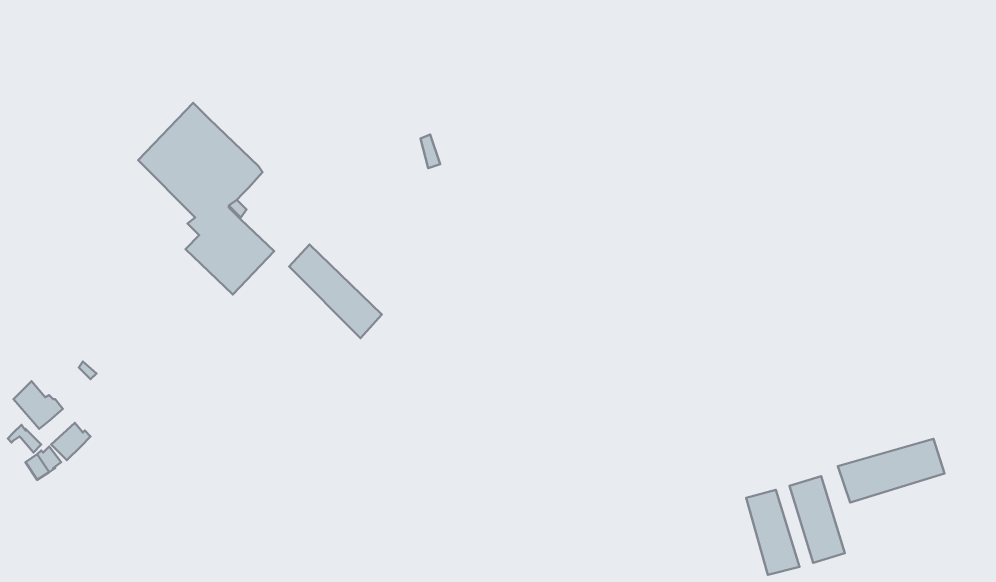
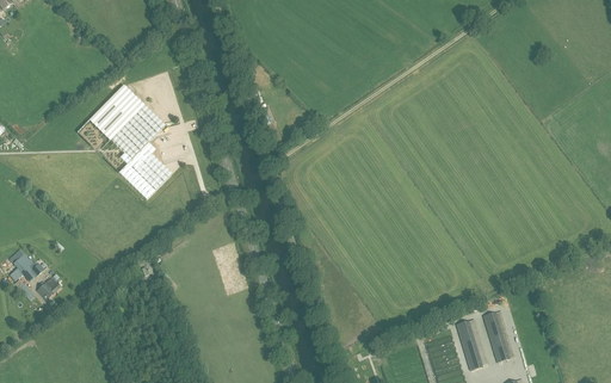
building: [289,245,382,338] -> none
building: [838,439,945,503] -> none

